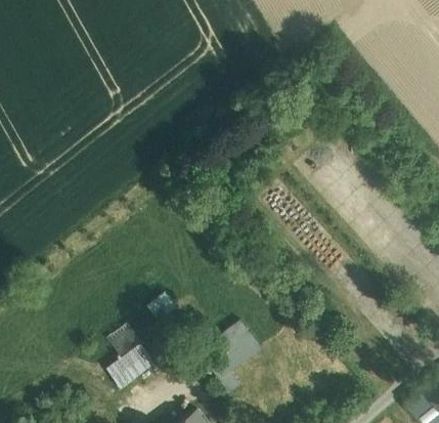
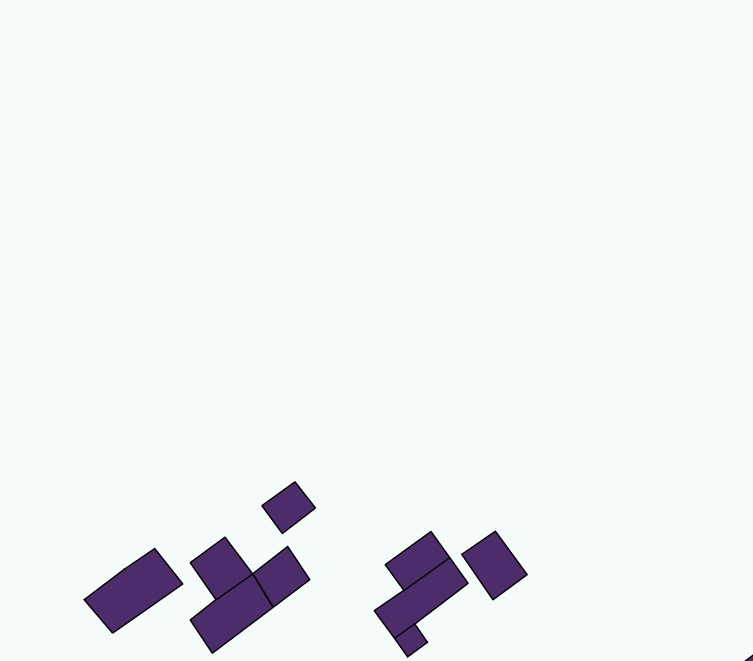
building: none -> [462,531,527,600]
building: none -> [84,548,183,633]

